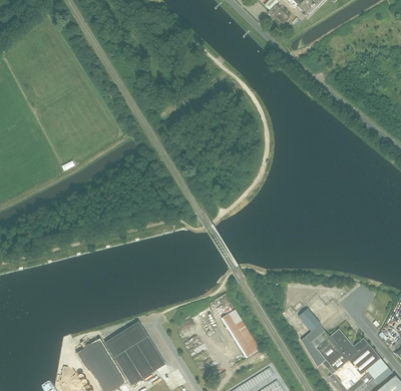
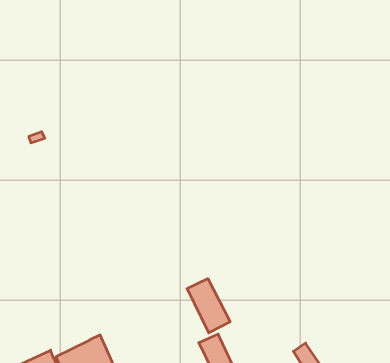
building: none -> [187,279,230,333]

